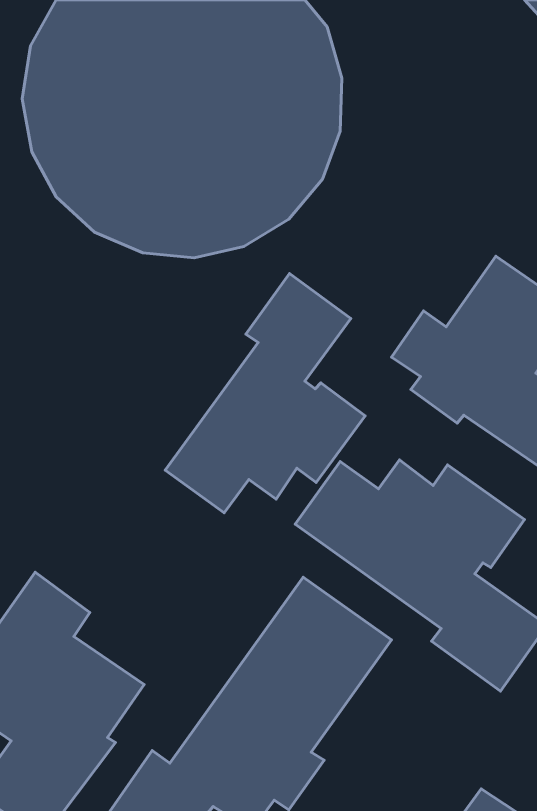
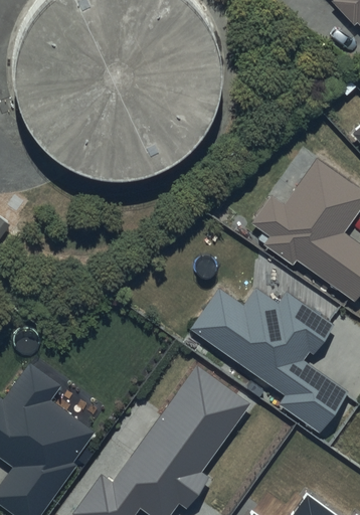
building: [165,273,365,513] -> none

